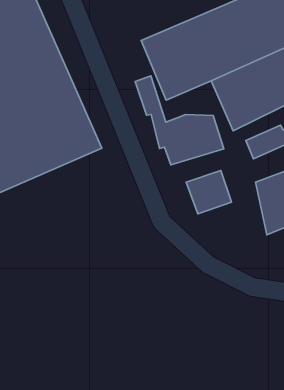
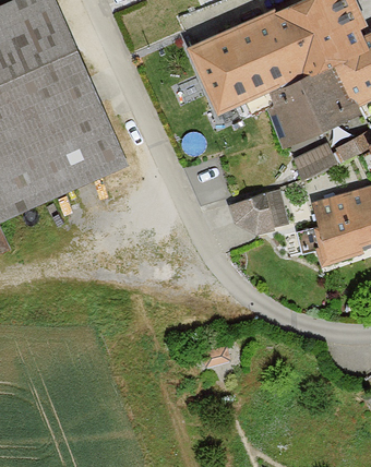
building: [135,76,224,165] -> none

